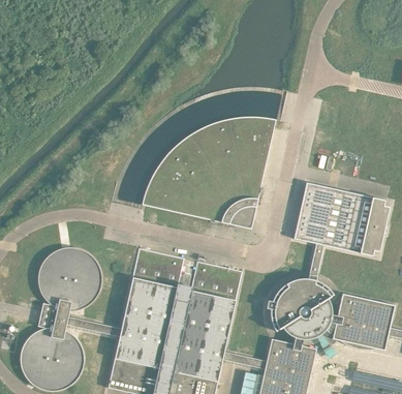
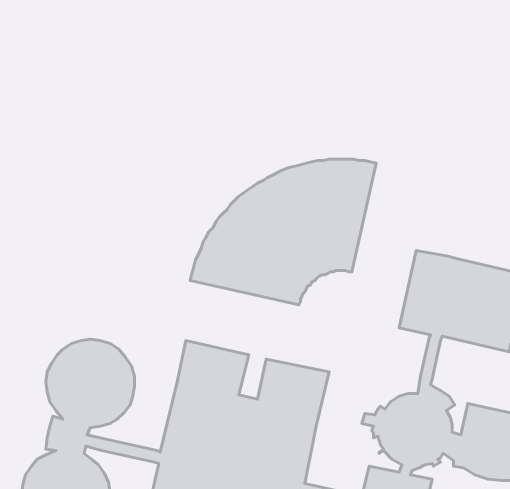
building: [220,196,258,229] -> none

